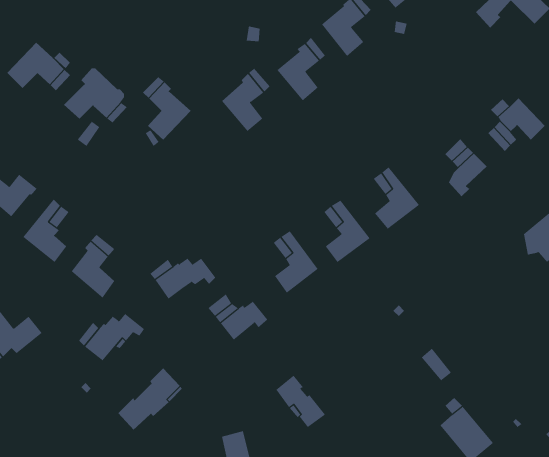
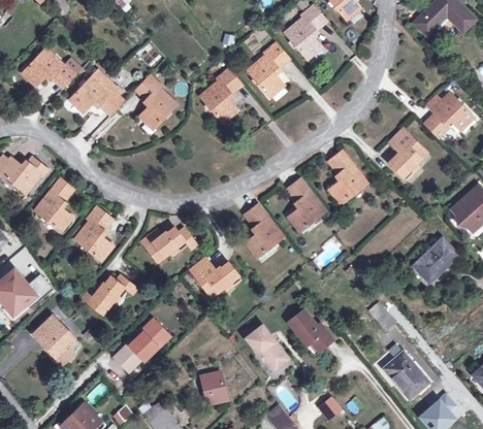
building: none -> [413,238,457,282]
building: none -> [288,308,333,350]
building: none -> [34,317,73,364]

